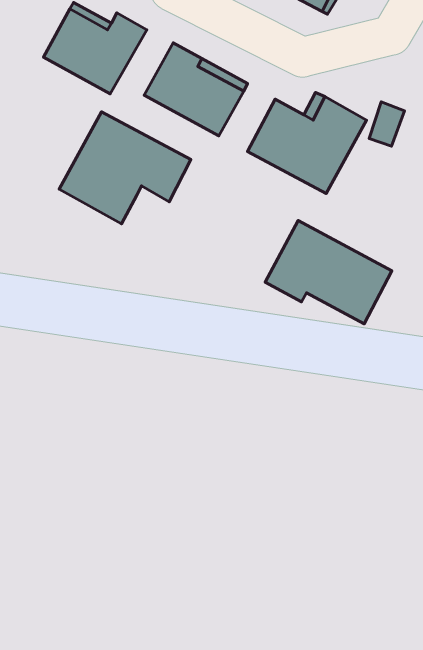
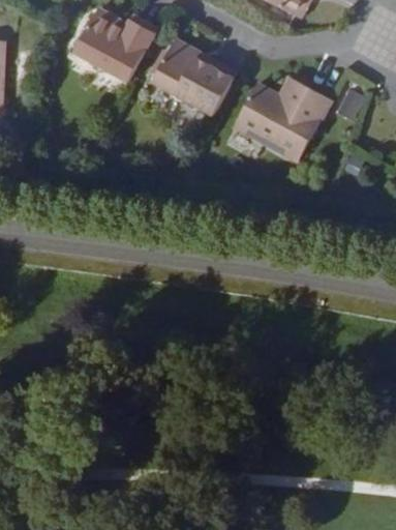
building: [59,112,191,224] -> none
building: [265,220,392,324] -> none

